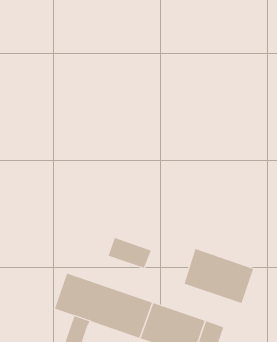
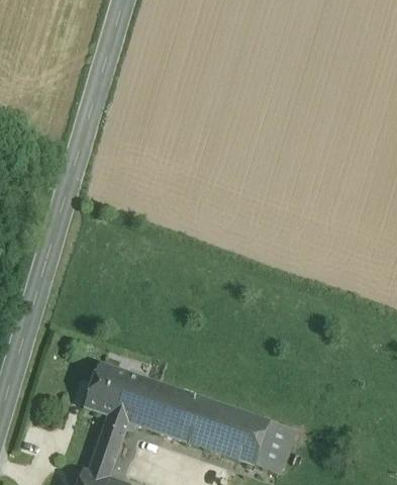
building: [108,237,151,269] -> none
building: [184,248,254,304] -> none

